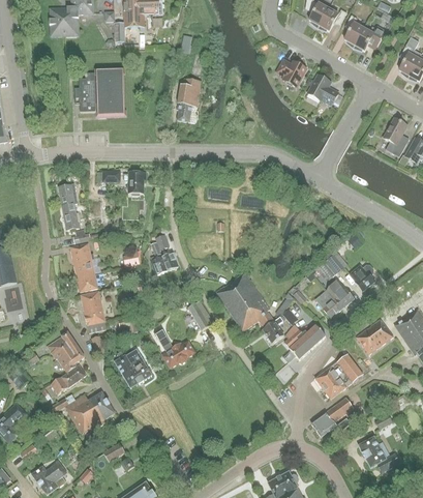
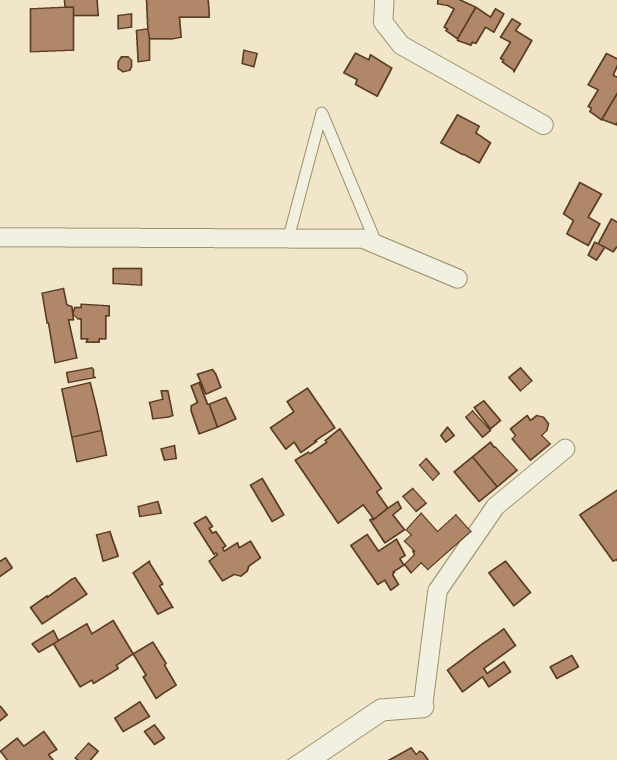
building: [353,25,386,51] -> none
building: [276,59,306,86] -> [344,53,392,96]
building: [74,69,124,115] -> none
building: [177,78,201,122] -> none
building: [123,171,146,195] -> [73,304,109,342]
building: none -> [270,388,335,452]
building: [81,291,107,332] -> none
building: [356,318,393,353] -> none
building: [48,331,85,372] -> none
building: none -> [351,534,405,590]
building: [125,348,152,383] -> [133,642,176,698]
building: [315,361,353,398] -> none
building: [359,436,400,472] -> none

